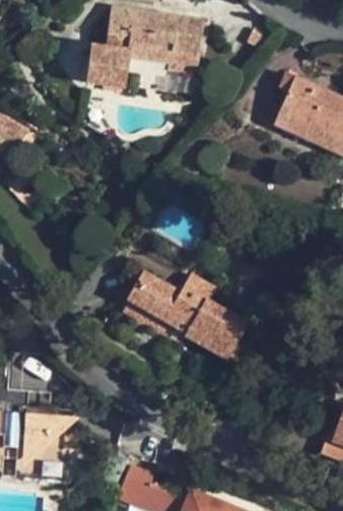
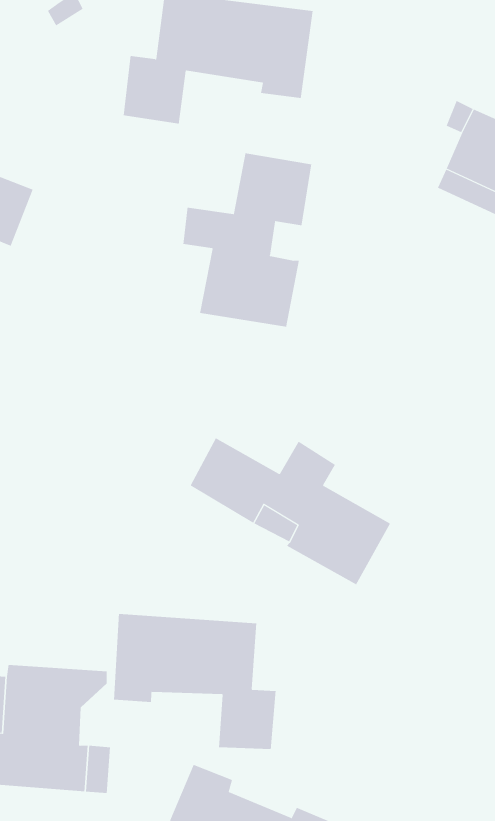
building: none -> [183,152,312,327]
building: none -> [113,613,276,750]

